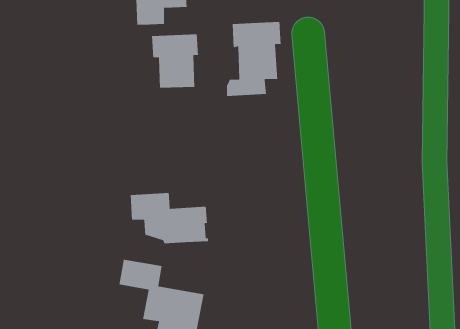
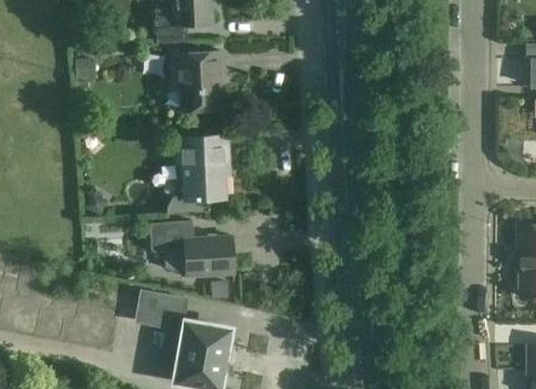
building: [226,21,281,97] -> [168,135,227,216]

